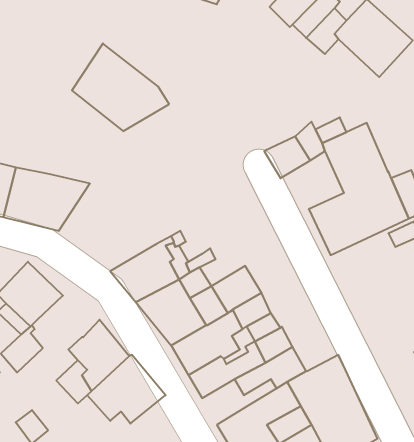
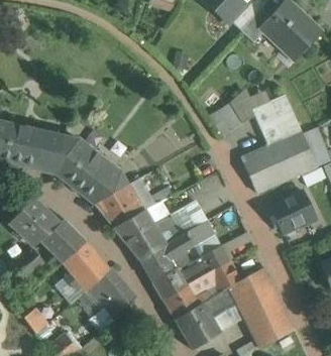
building: [72,43,169,131] -> [54,138,127,204]
building: none -> [268,191,315,232]
building: none -> [38,218,85,262]
building: none -> [161,284,197,319]

